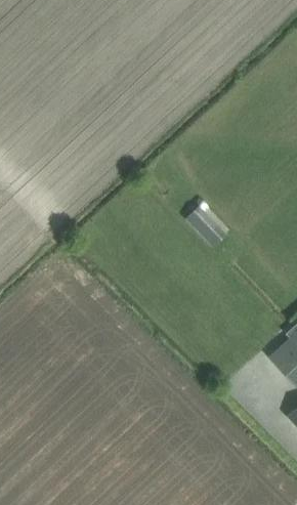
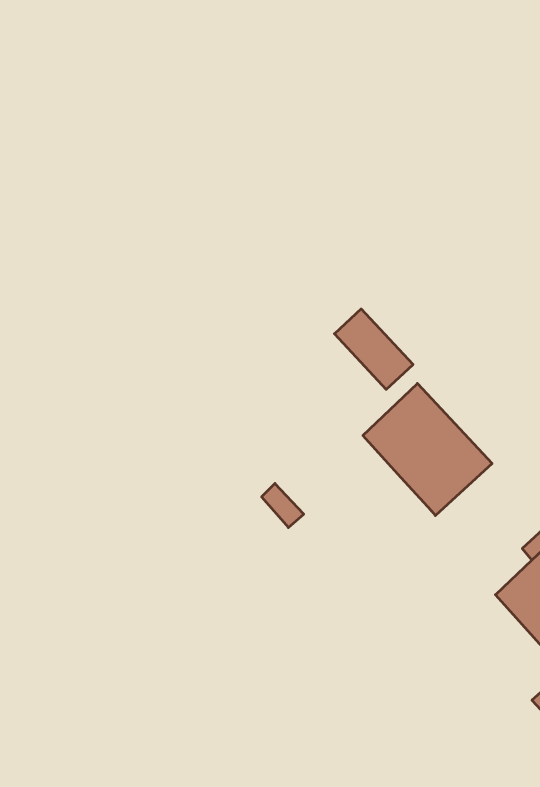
building: none -> [363,383,492,516]

